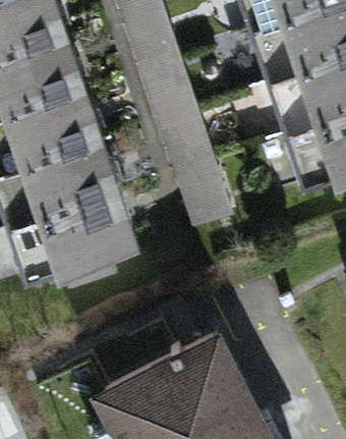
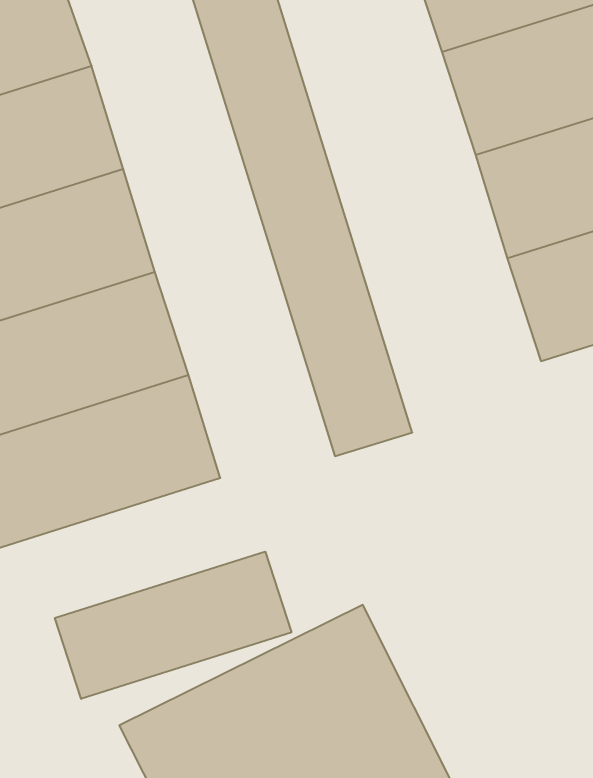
building: none -> [55,552,291,699]

